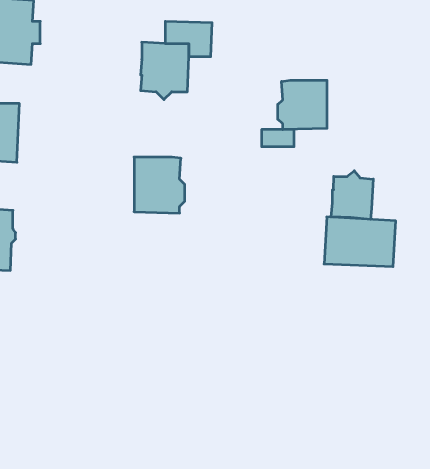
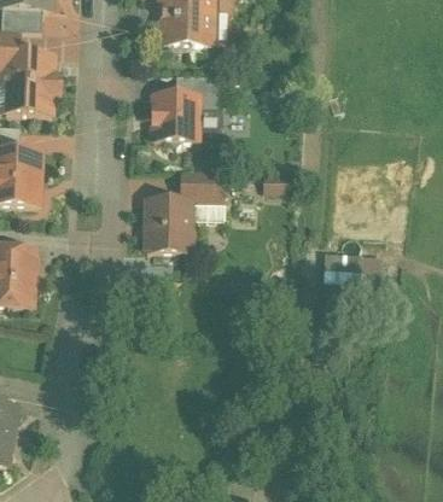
building: [278,80,327,130] -> none
building: none -> [181,170,225,199]
building: [331,171,373,219] -> none

